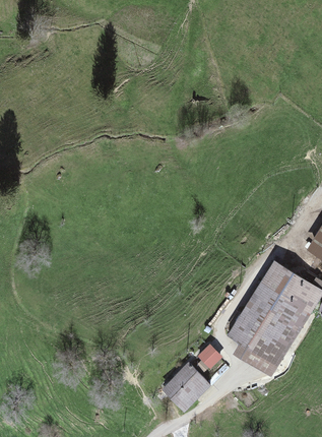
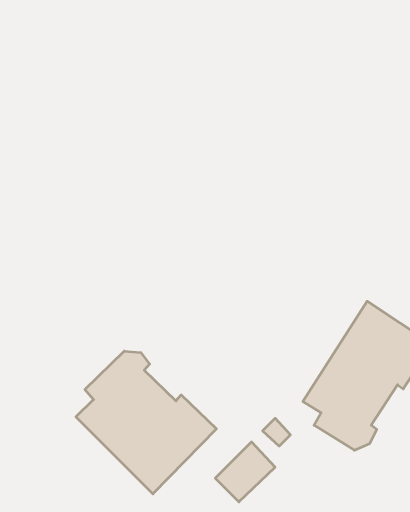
building: none -> [76,351,216,494]

